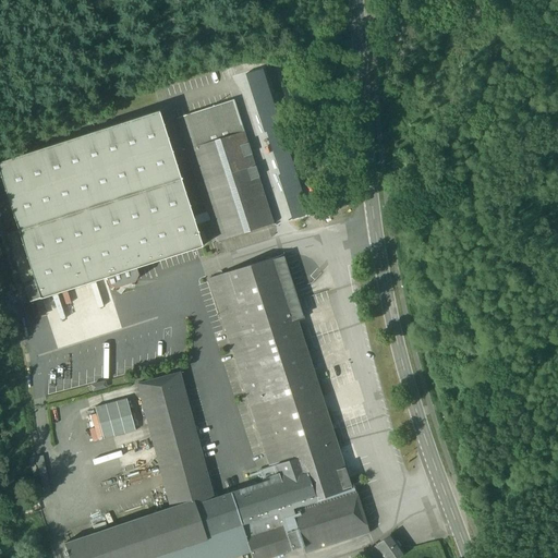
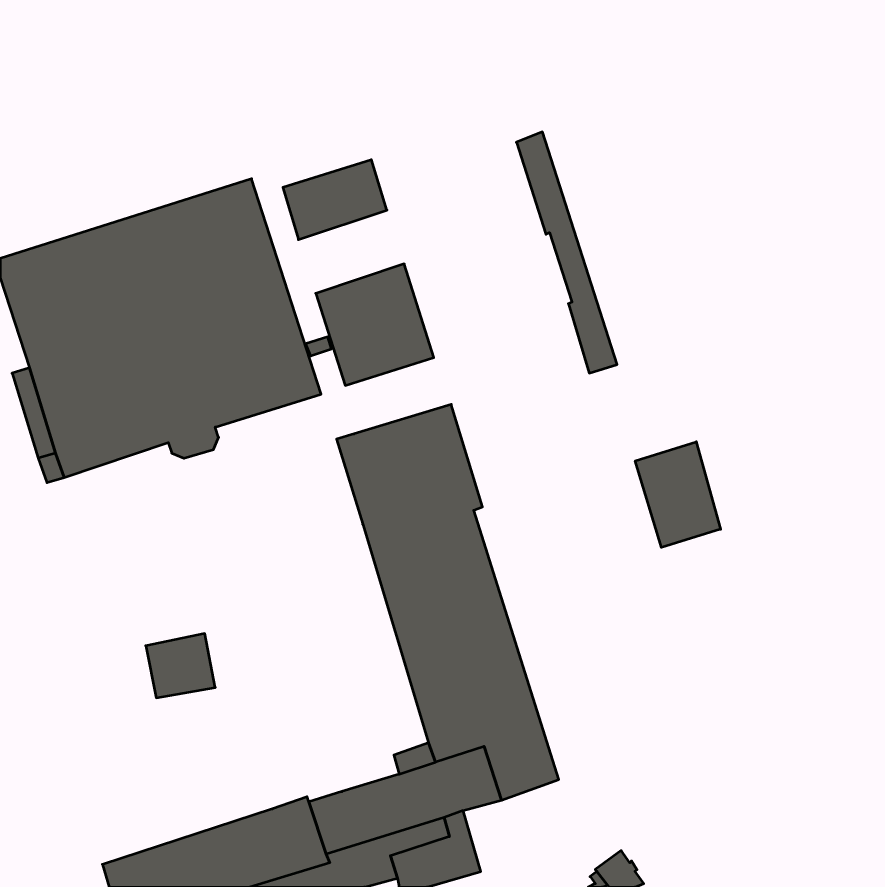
building: [246,69,310,220] -> [516,132,617,373]
building: [189,132,255,184] -> none
building: none -> [635,442,721,547]
building: [136,372,216,508] -> none
building: [292,487,368,553] -> none

